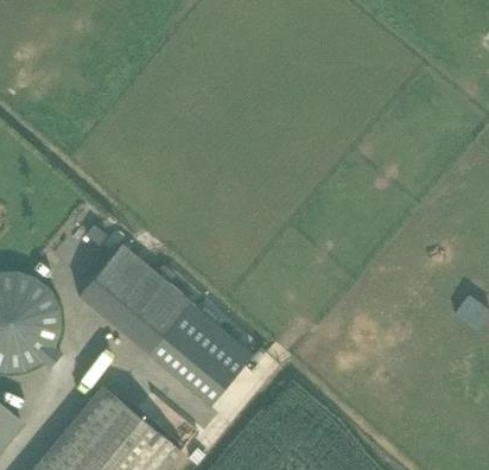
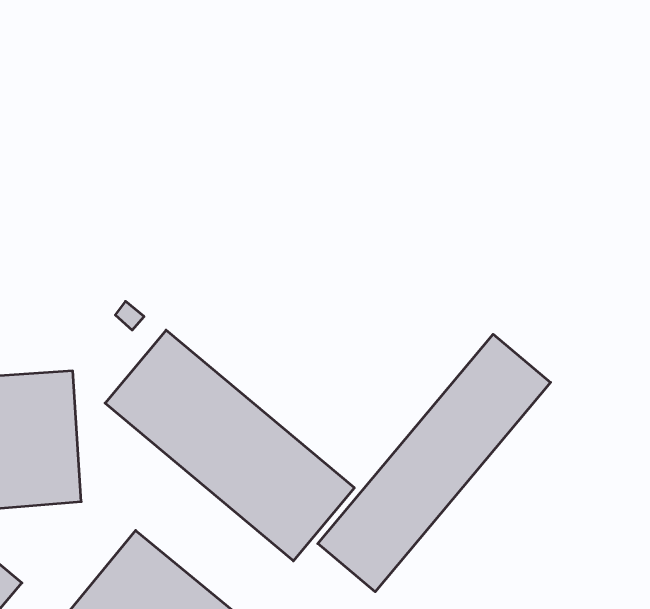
building: none -> [318,334,551,592]

